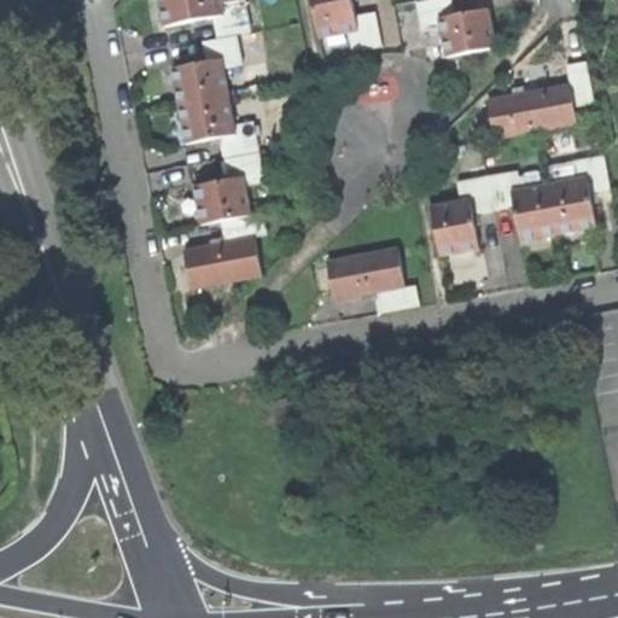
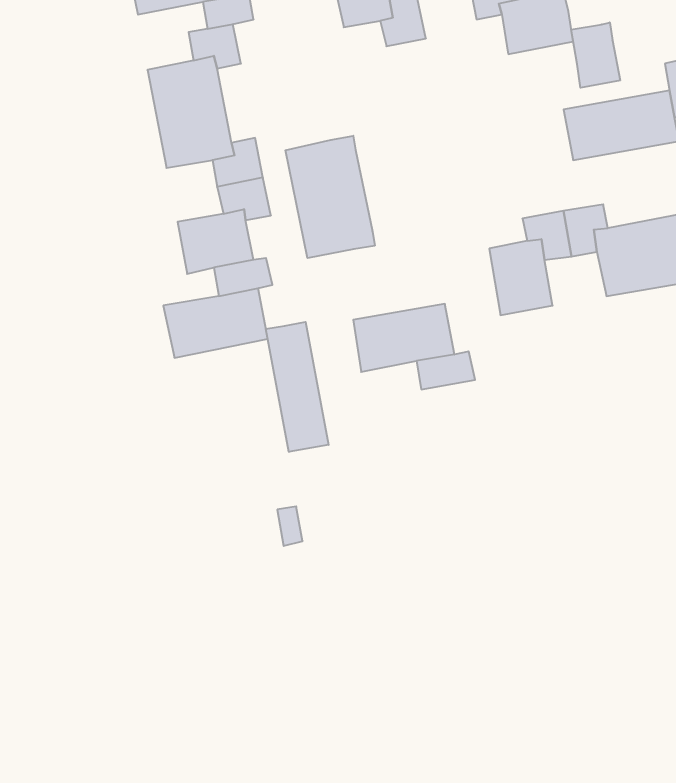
building: none -> [571,22,620,88]
building: none -> [285,136,375,258]
building: none -> [266,322,329,452]

